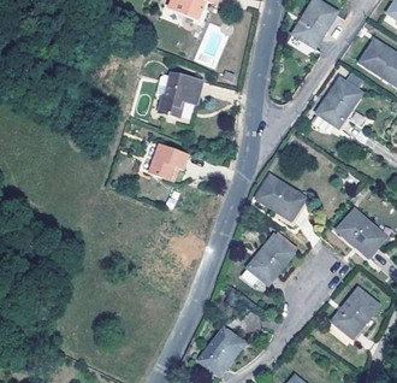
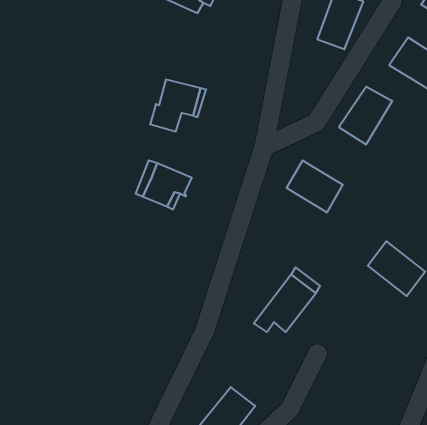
building: [257,176,304,219] -> [287,160,343,212]
building: [334,289,381,338] -> none

